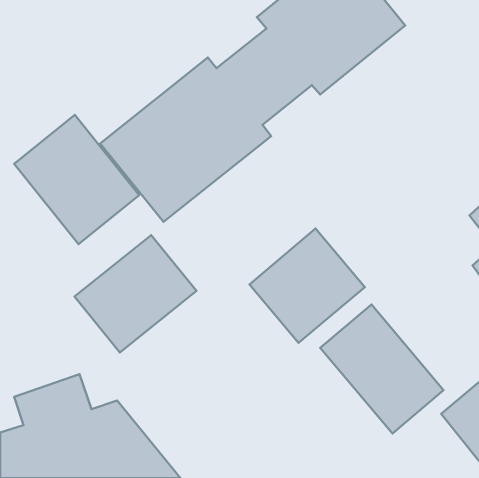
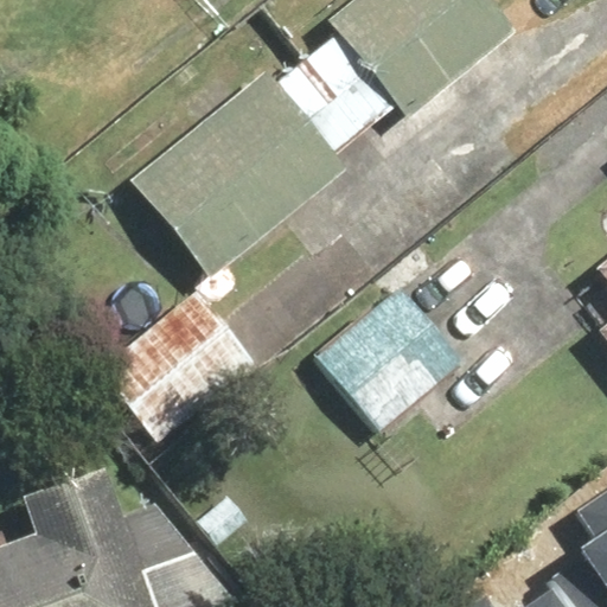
building: [14,115,139,244] -> none
building: [320,305,443,434] -> none

